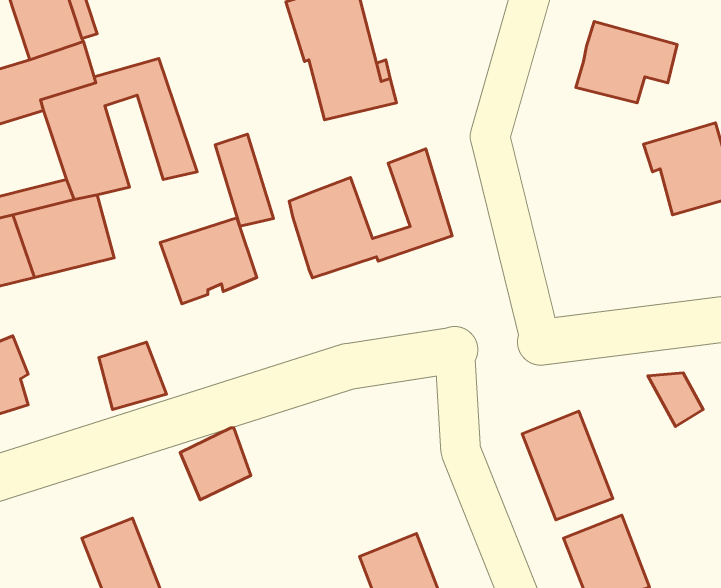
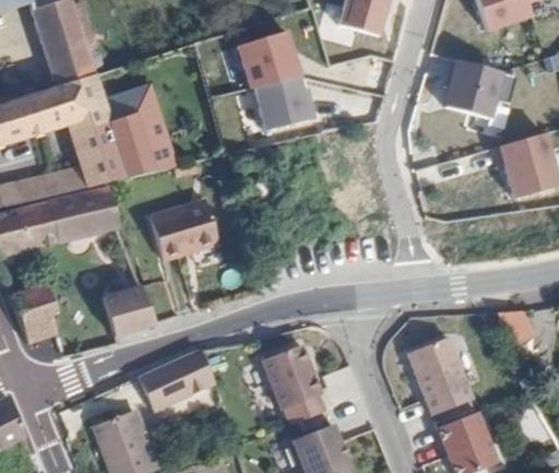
building: [215,134,273,226] -> [110,111,152,177]
building: [289,149,452,278] -> none
building: none -> [261,344,323,424]
building: none -> [138,366,178,413]

